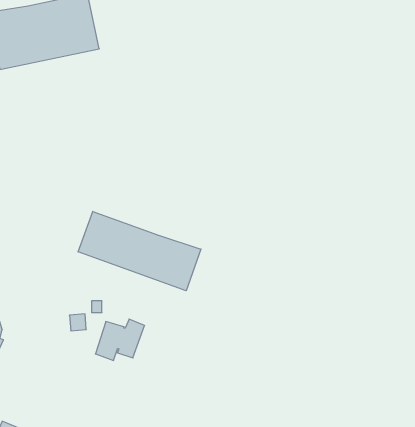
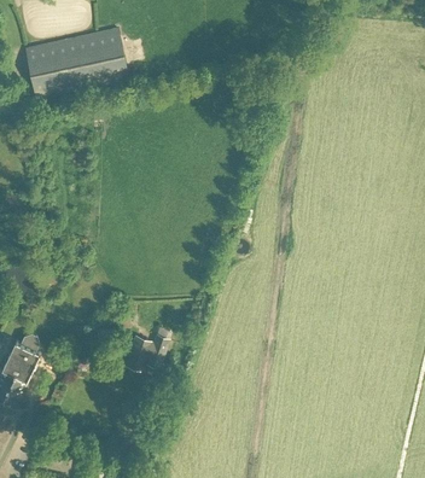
building: [78,211,201,291] -> none

